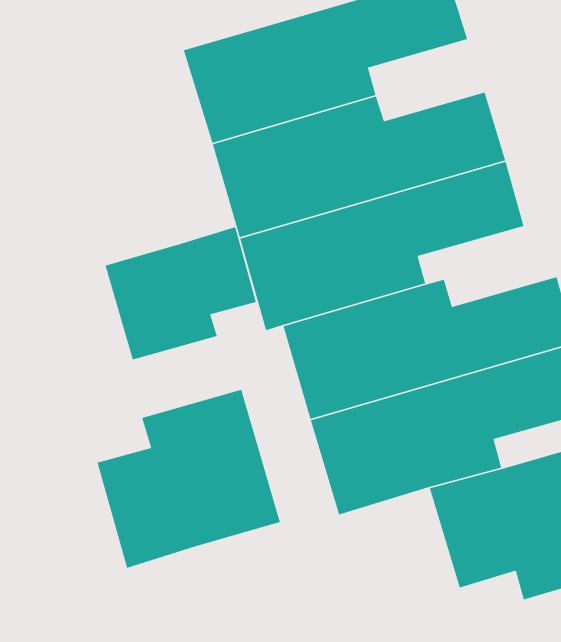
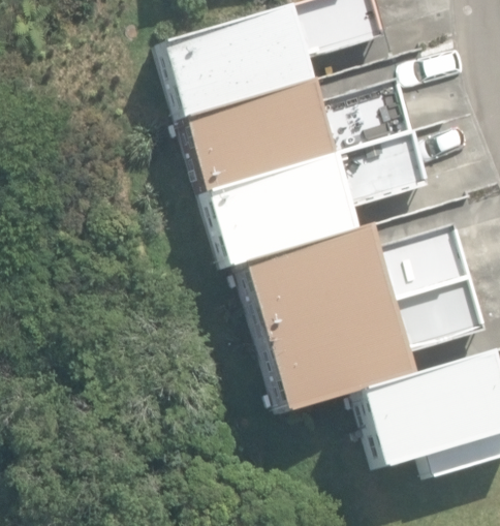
building: [104,226,257,361] -> none
building: [97,389,281,569] -> none

